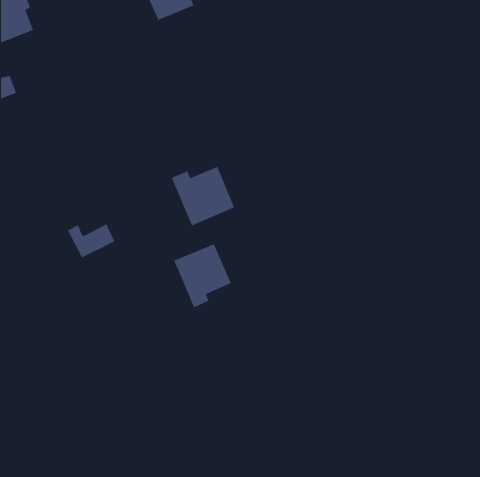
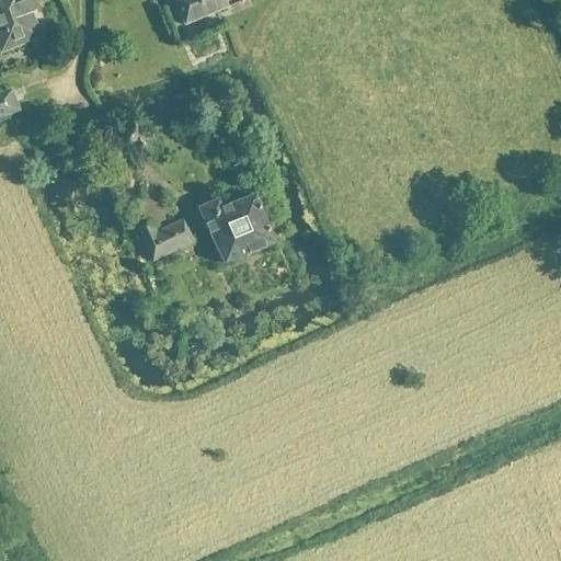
building: [67,224,115,258] -> [137,219,193,260]
building: [173,243,232,308] -> none

